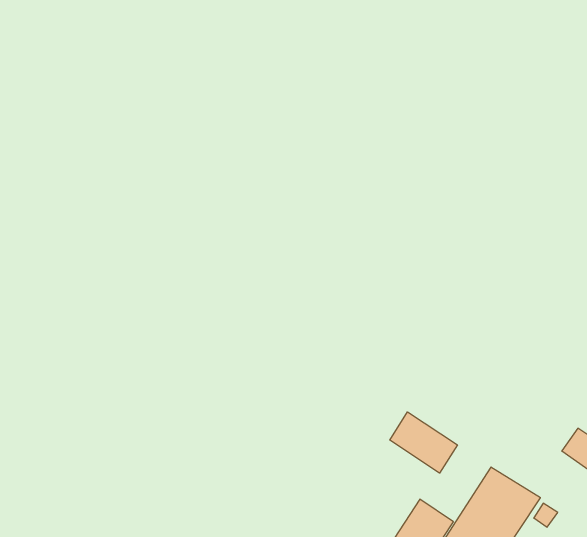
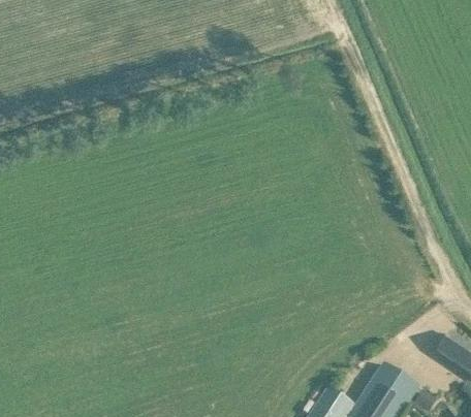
building: [390,412,457,473] -> none

